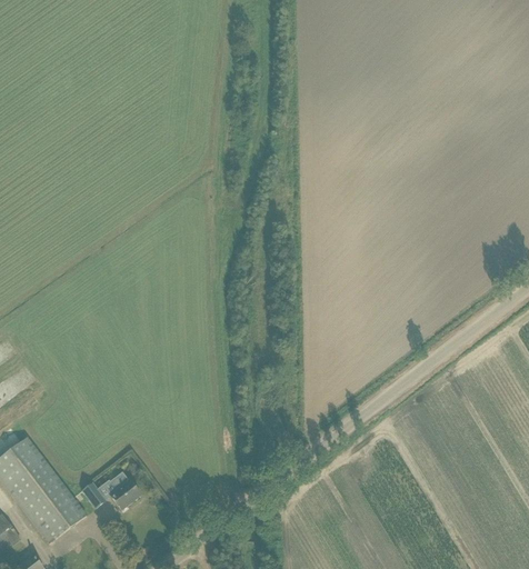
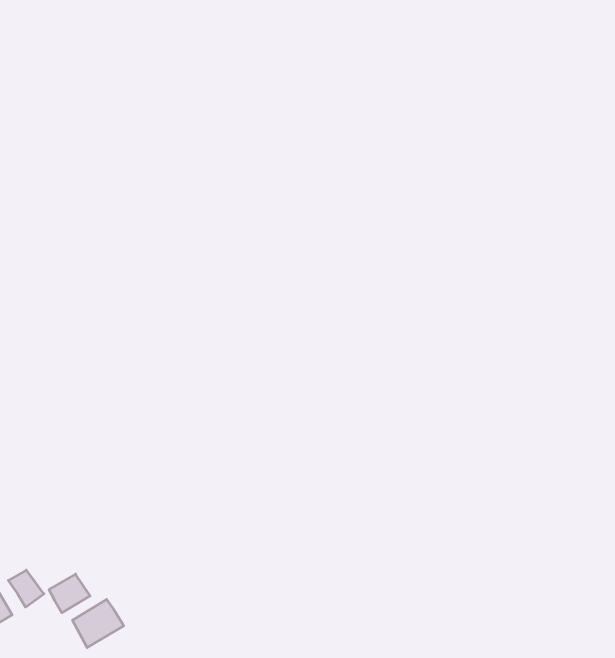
building: none -> [73,599,124,648]

